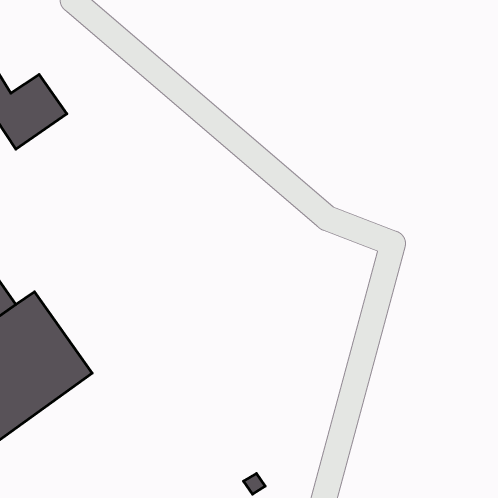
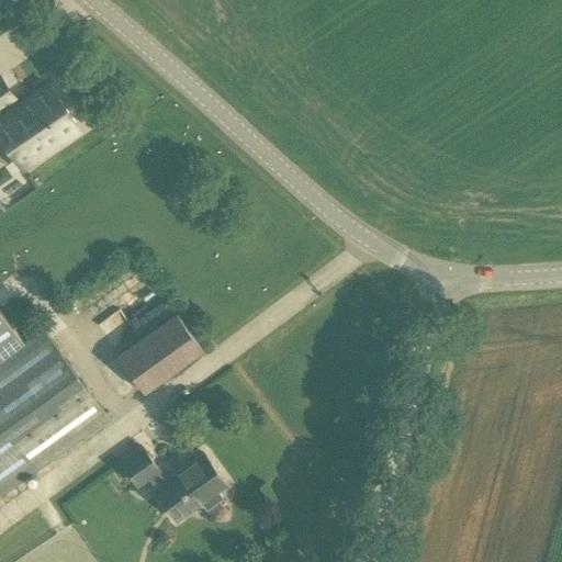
building: none -> [117,316,202,392]
building: none -> [117,447,222,520]

